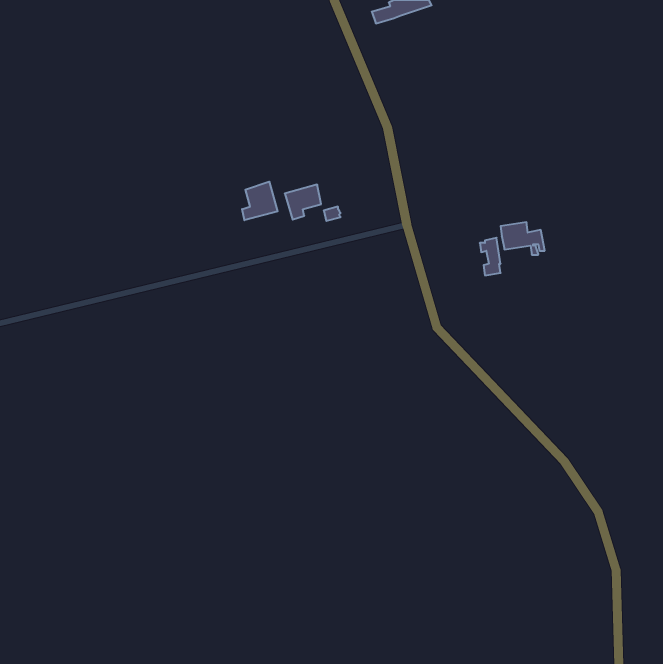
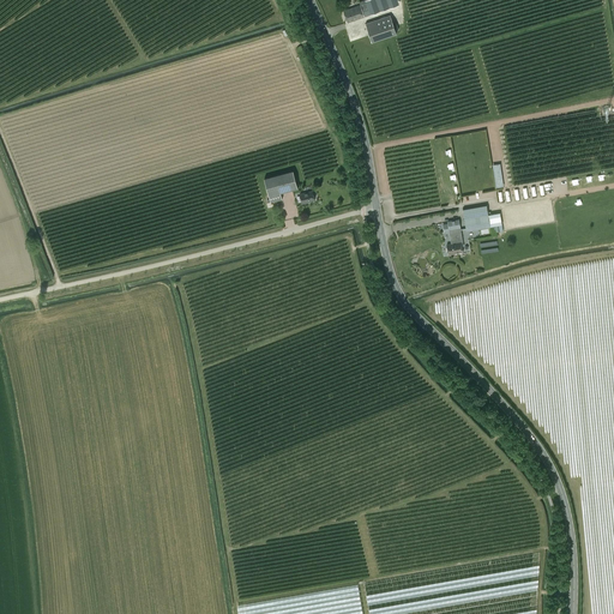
building: none -> [365,14,396,42]
building: [242,182,278,220] -> none

